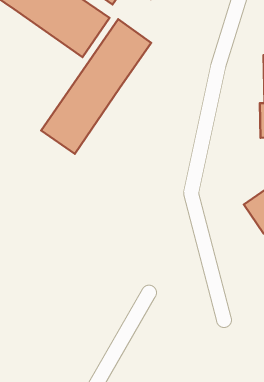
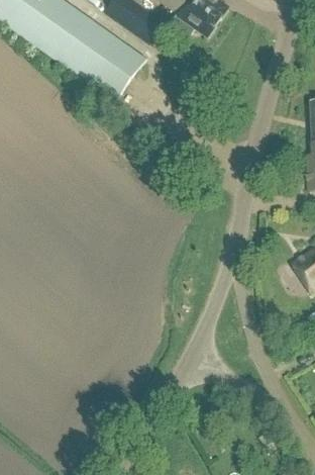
building: [41,19,151,154] -> none

